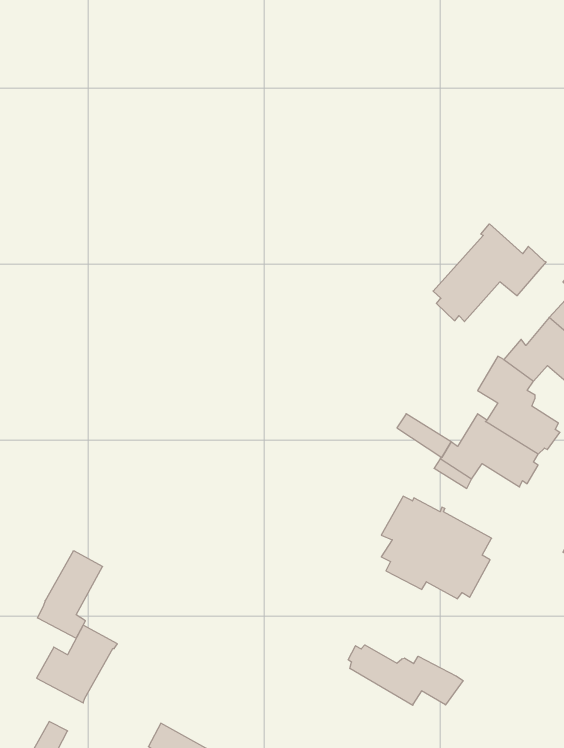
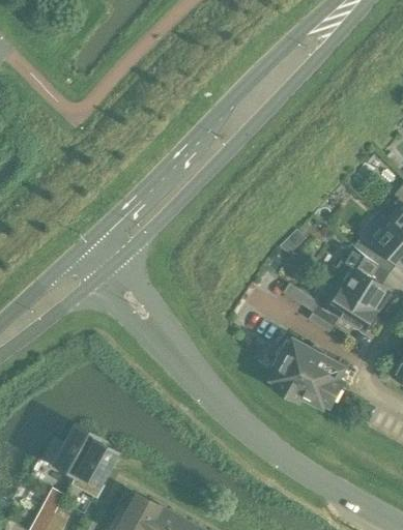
building: [433,224,546,322] -> none
building: [37,551,103,638] -> [70,440,114,498]
building: [348,645,463,705] -> none

